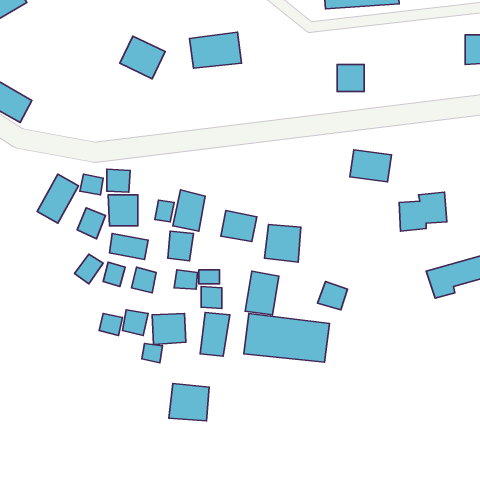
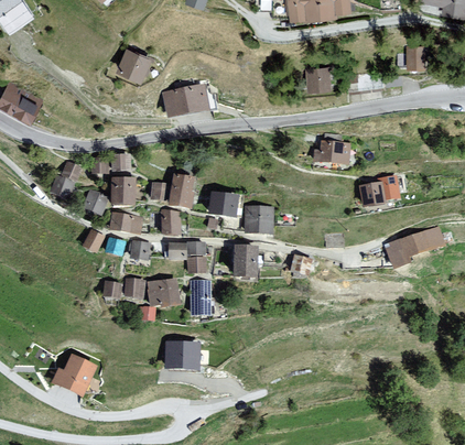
building: [190,32,241,68] -> [172,84,216,115]
building: [244,313,329,362] -> none
building: none -> [60,355,99,393]

